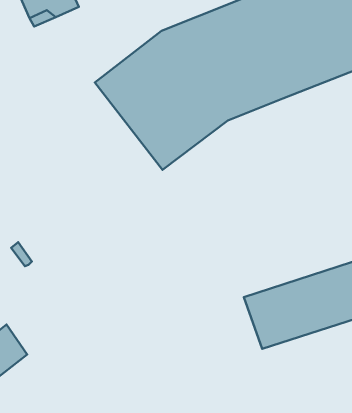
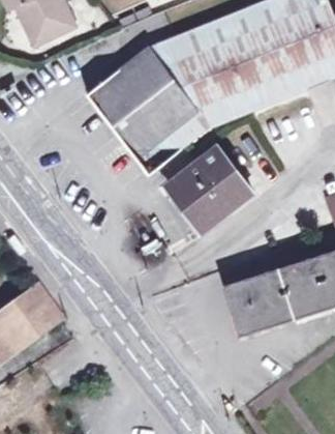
building: none -> [169,147,252,230]
building: none -> [9,290,60,340]

